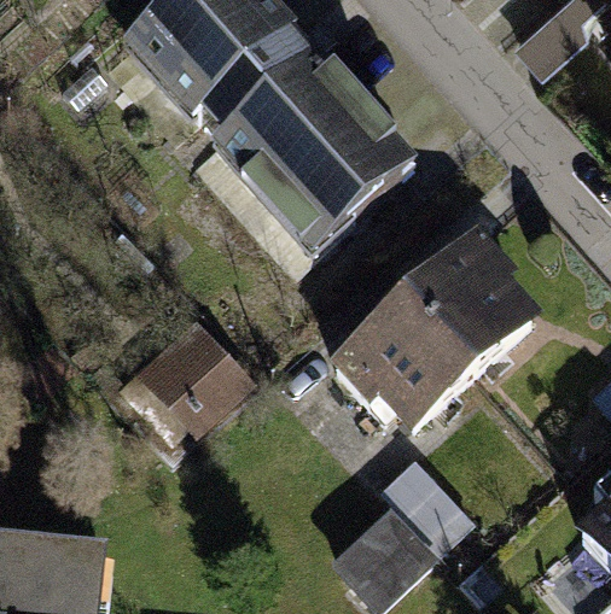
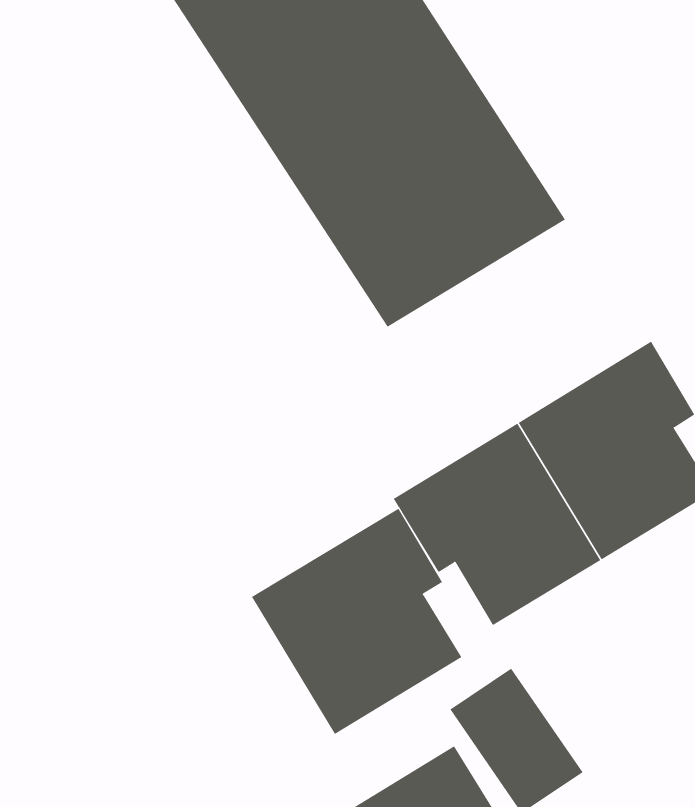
building: [132,305,252,427] -> none
building: none -> [251,508,462,735]

